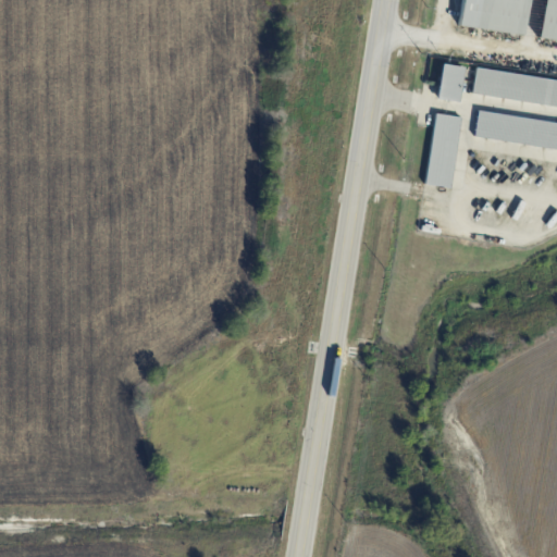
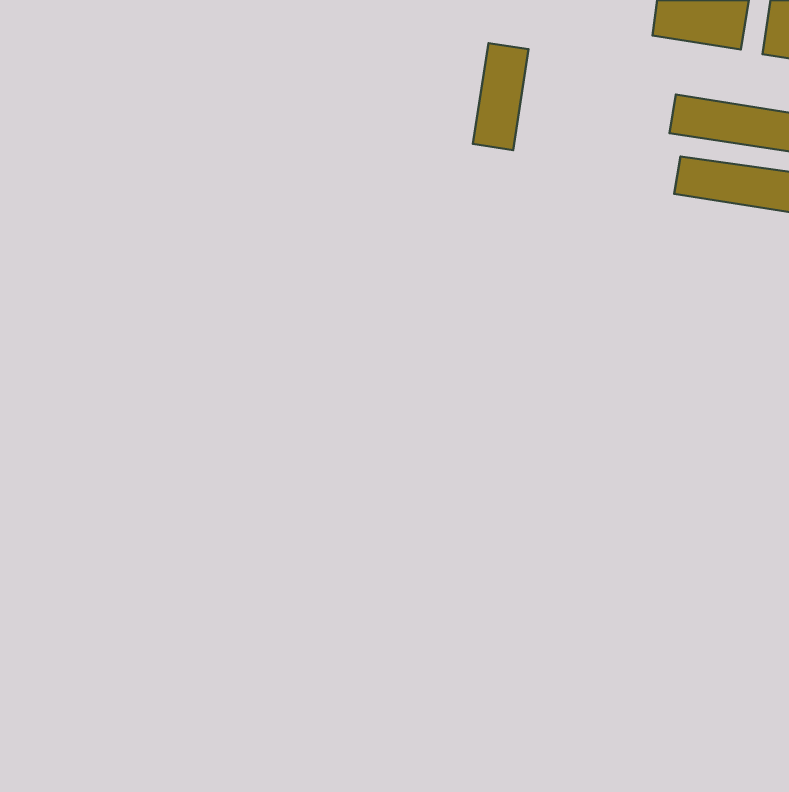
building: [437,63,469,102] -> none
building: [425,113,465,188] -> [473,43,529,150]

